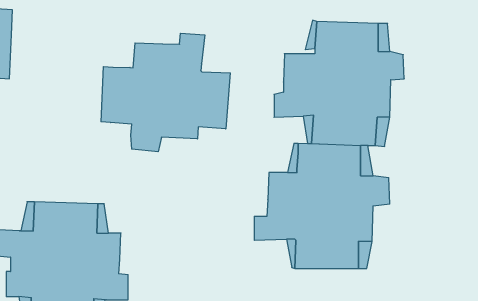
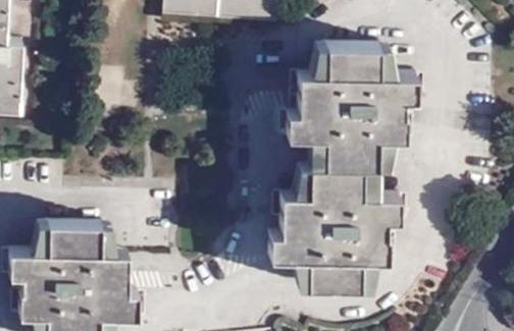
building: [101,33,230,152] -> none

